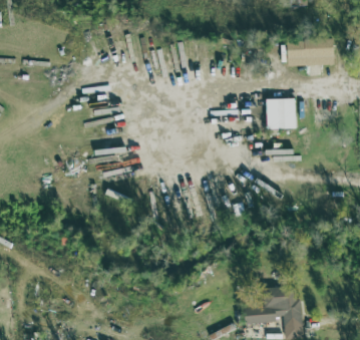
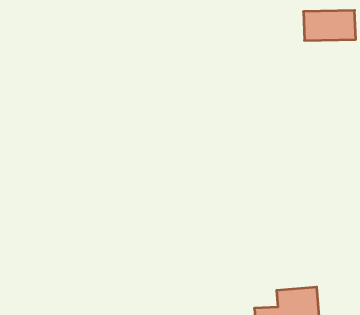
building: [265,98,296,129] -> none

